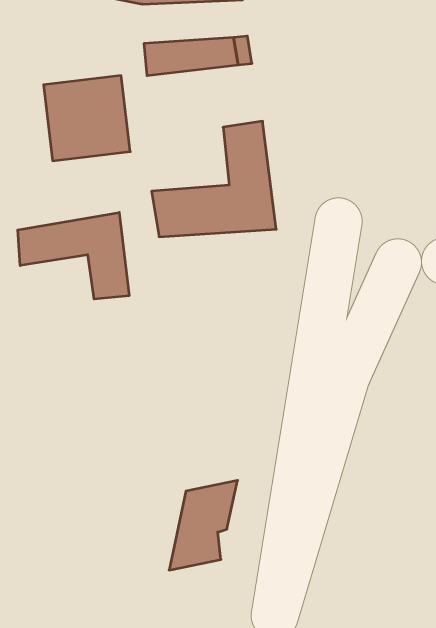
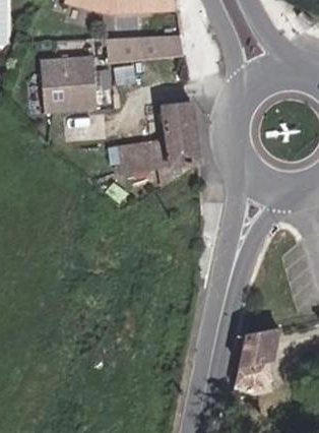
building: [18,212,129,299] -> none
building: [169,480,238,570] -> [232,327,277,387]

